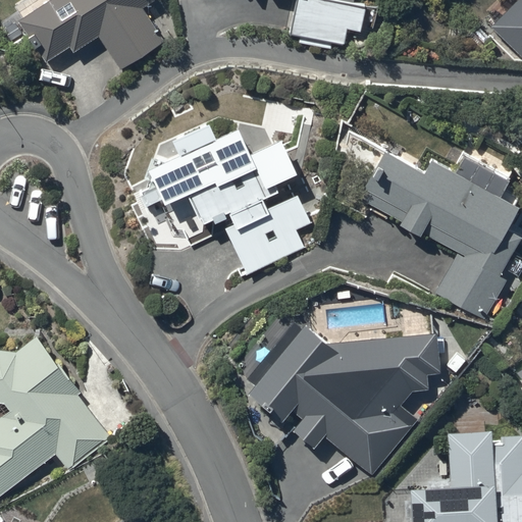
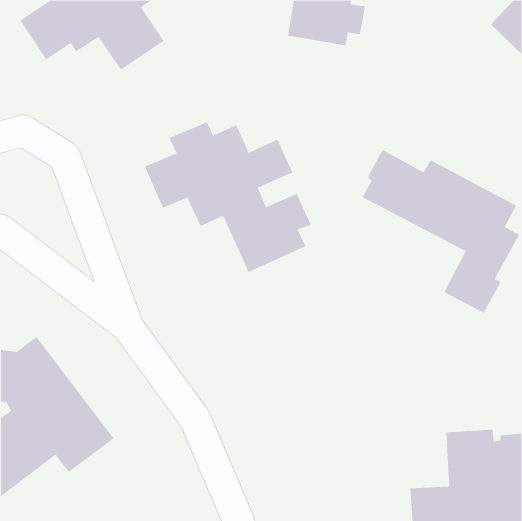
building: [248,324,440,472] -> none

